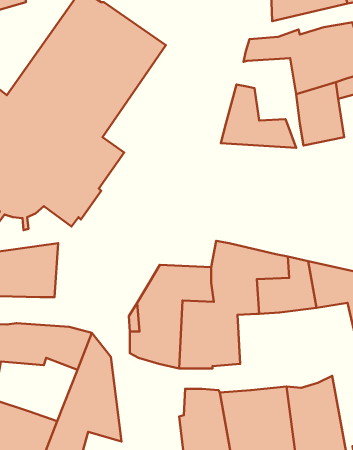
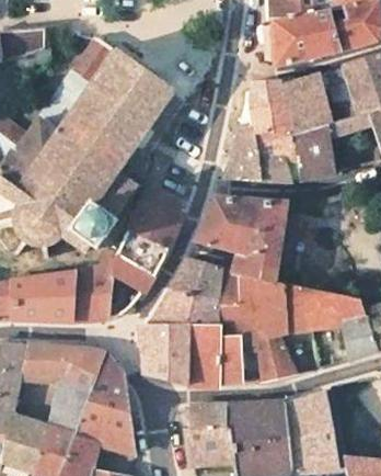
building: none -> [247,101,296,162]
building: none -> [71,194,183,320]
building: none -> [194,197,286,281]
building: none -> [168,260,219,293]
building: none -> [256,335,296,381]
building: none -> [48,376,92,434]

